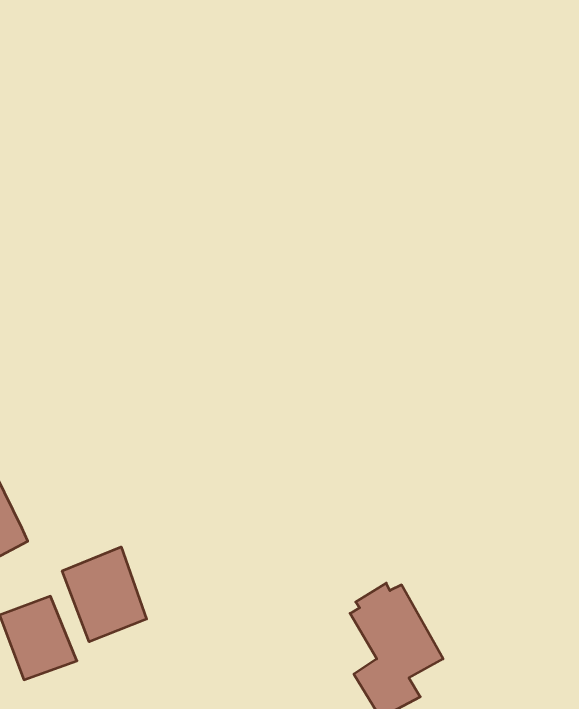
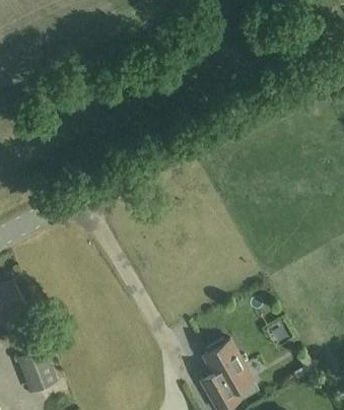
building: [62,547,147,642] -> none

